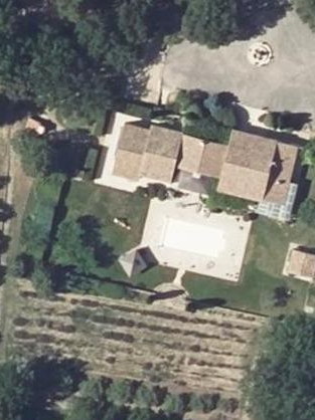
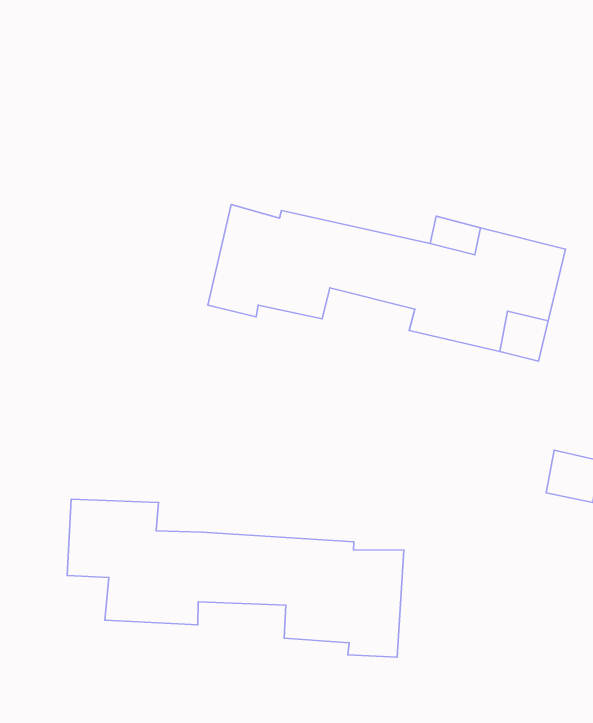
building: none -> [67,499,404,657]

